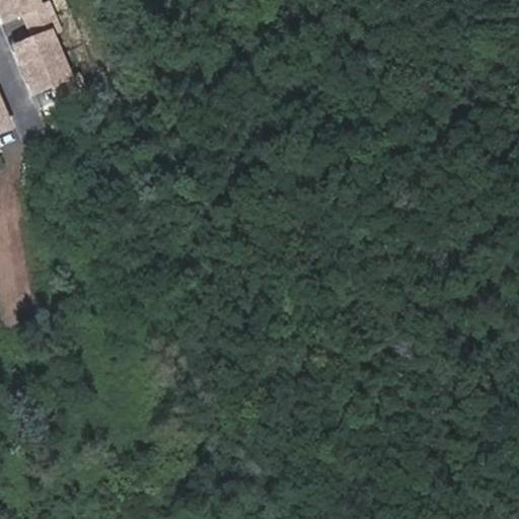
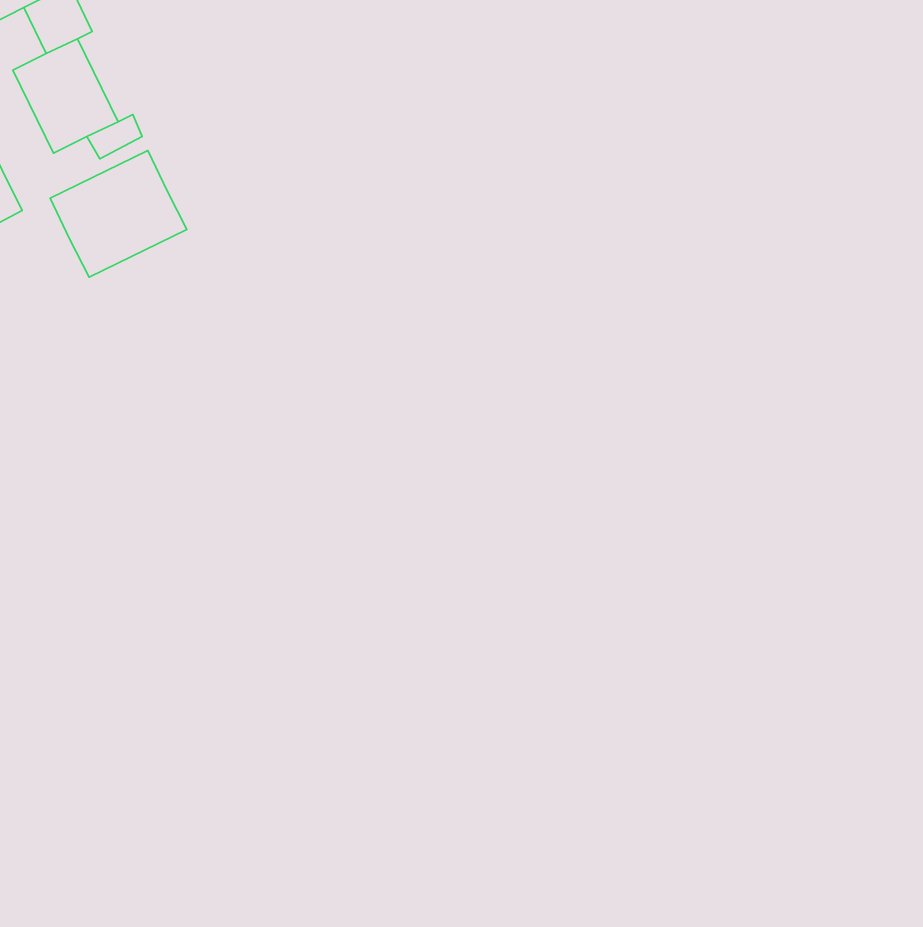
building: none -> [50,151,187,277]

